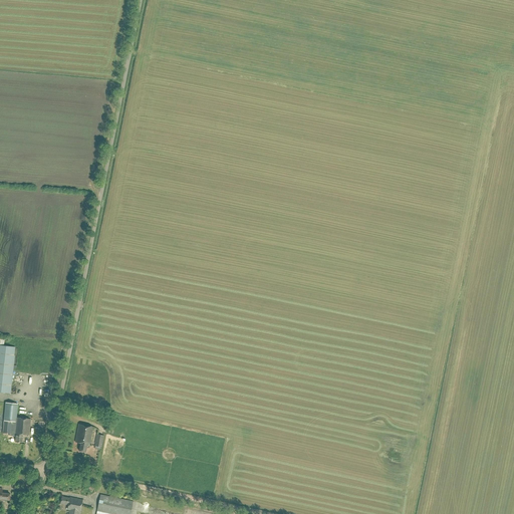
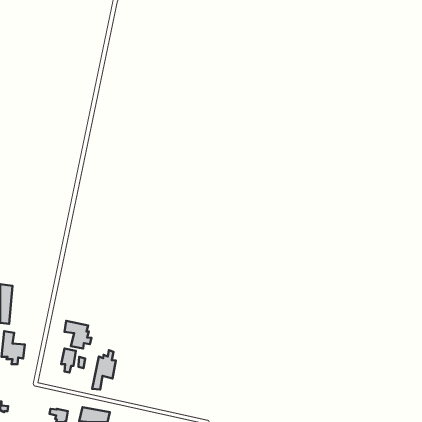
building: none -> [65,321,91,348]
building: none -> [92,350,116,390]

